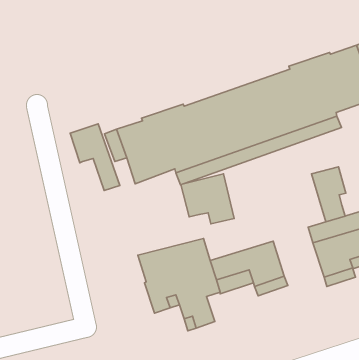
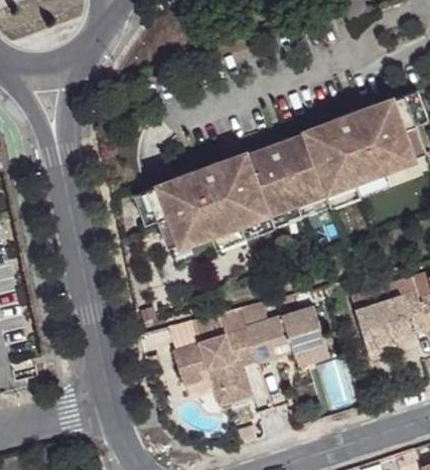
building: [70,124,120,190] -> none
building: [312,167,346,222] -> none
building: [181,174,234,224] -> none

